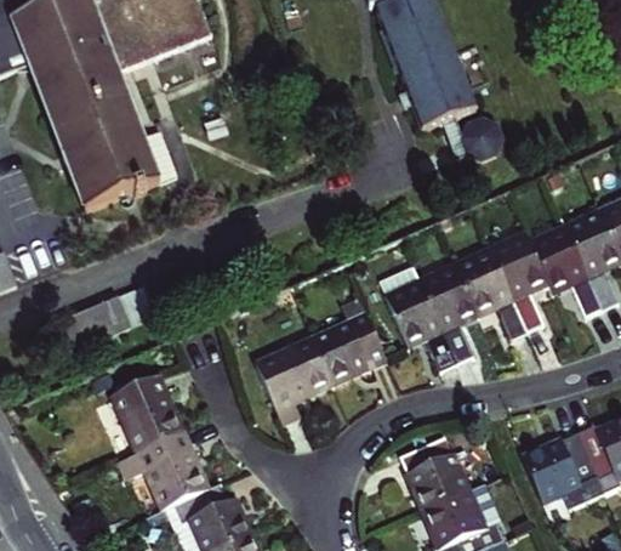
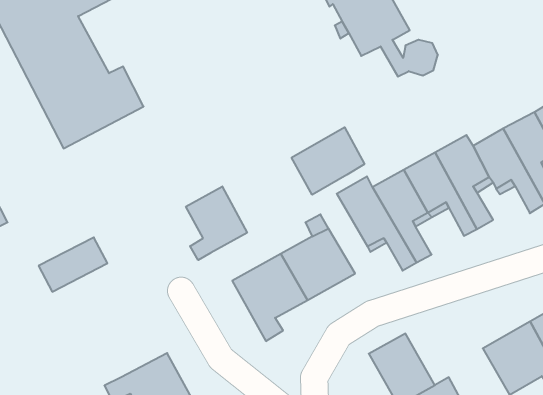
building: none -> [292,127,364,195]
building: none -> [186,186,247,260]
building: [107,379,183,455] -> none

